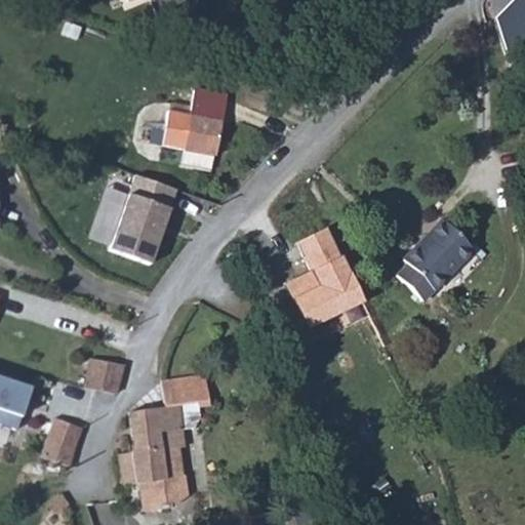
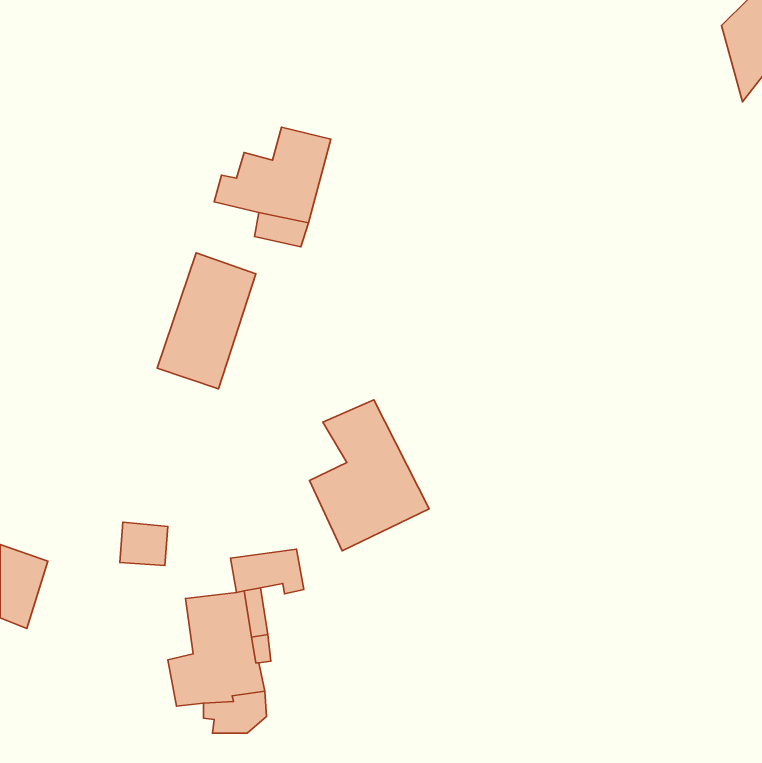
building: [397,215,480,301] -> none
building: [287,227,369,330] -> [309,400,429,551]
building: [40,422,81,474] -> none

